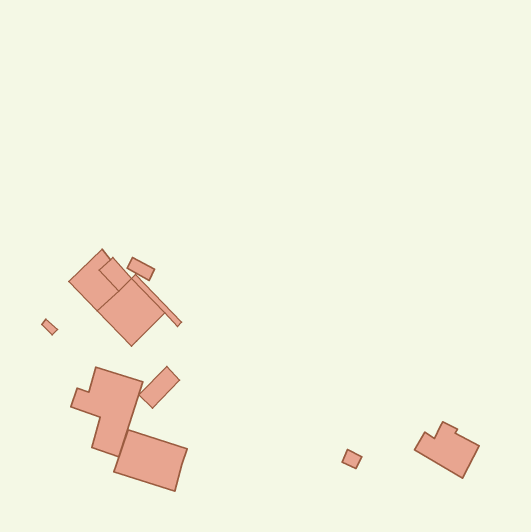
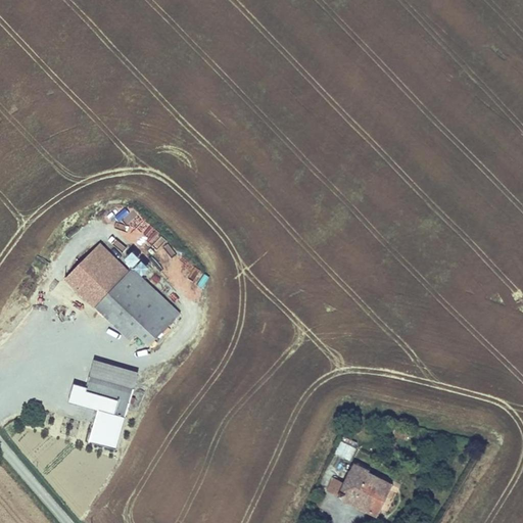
building: [139,367,179,408] -> [134,306,174,347]
building: [415,422,479,478] -> [327,462,390,517]
building: [114,430,187,491] -> none

